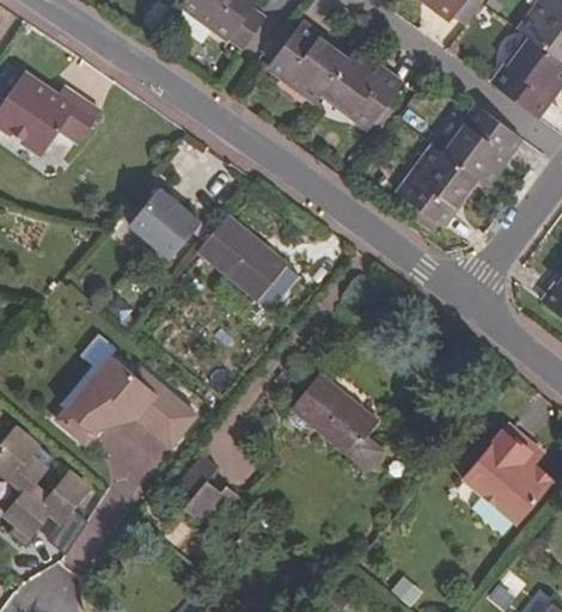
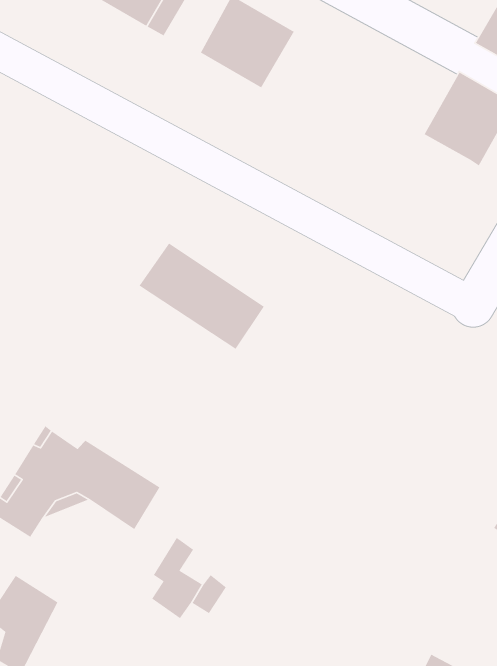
building: [322,50,401,126] -> none
building: [397,146,477,231] -> none
building: [129,188,201,258] -> none
building: [293,374,380,466] -> none

